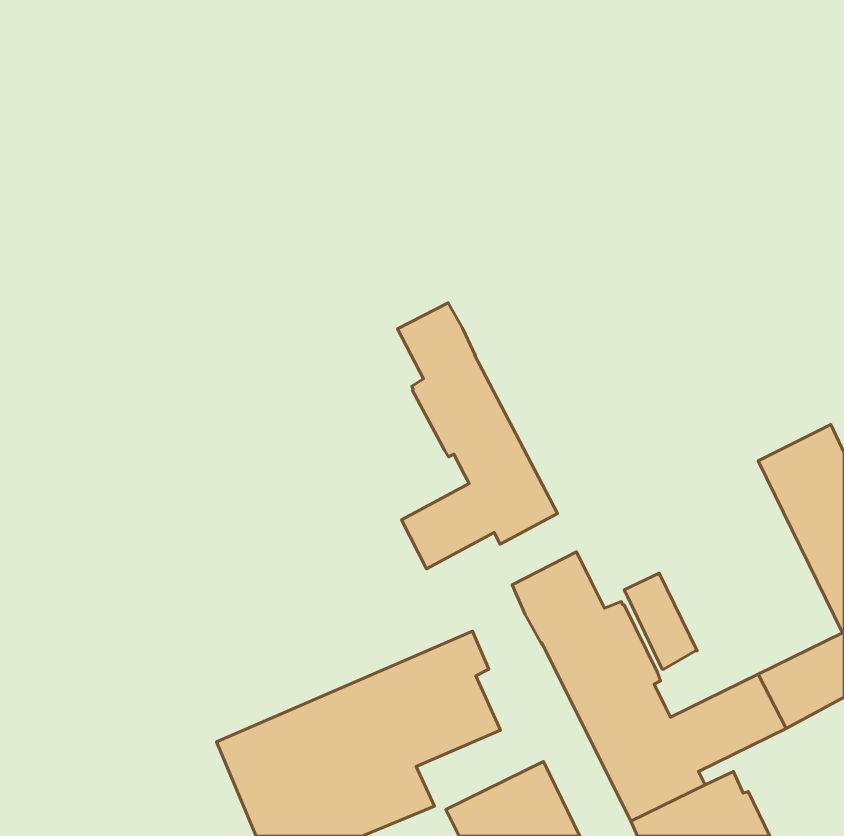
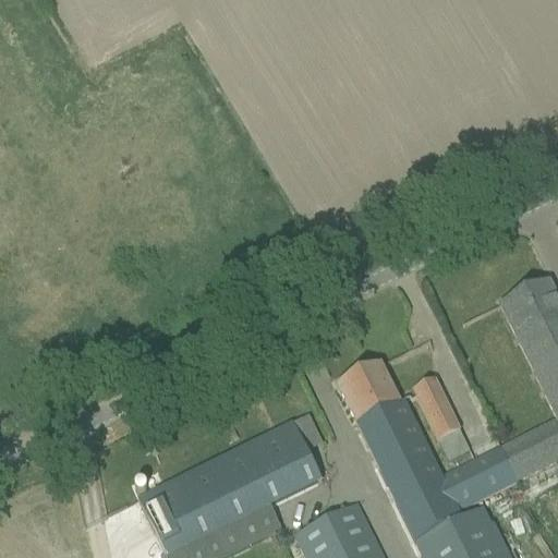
building: [397,303,557,569] -> none

